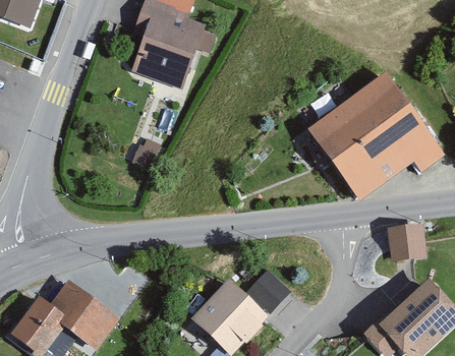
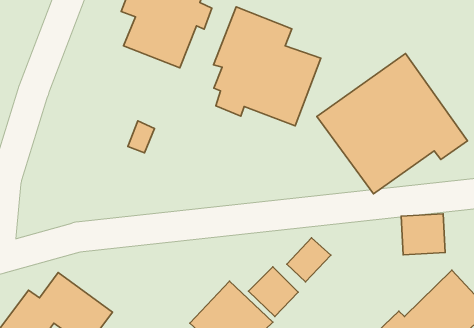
building: none -> [214,7,321,126]
building: none -> [287,238,331,282]

